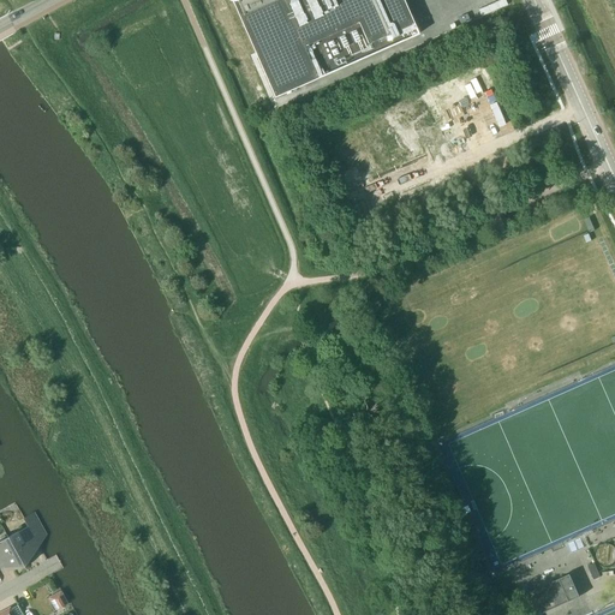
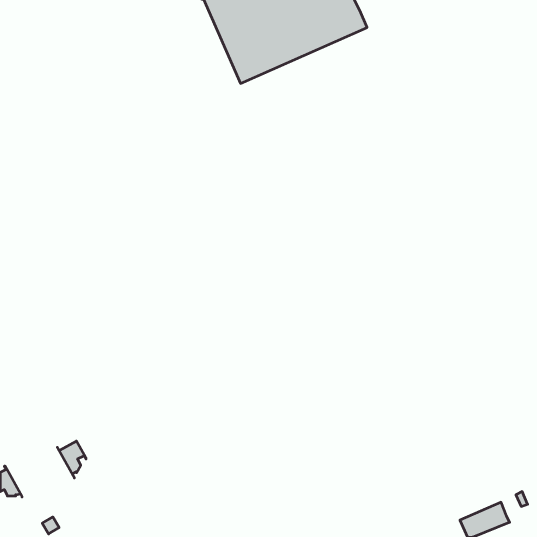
building: [8,524,41,566] -> [57,441,86,478]

